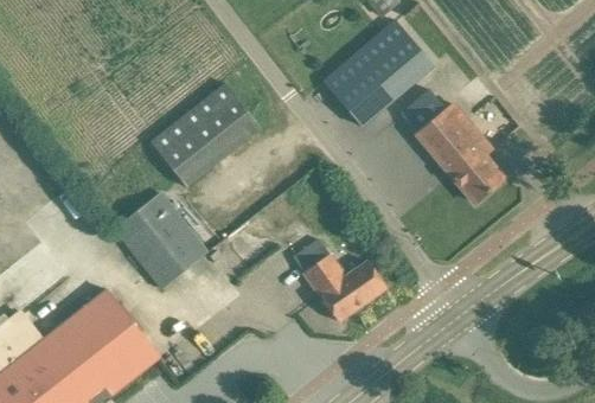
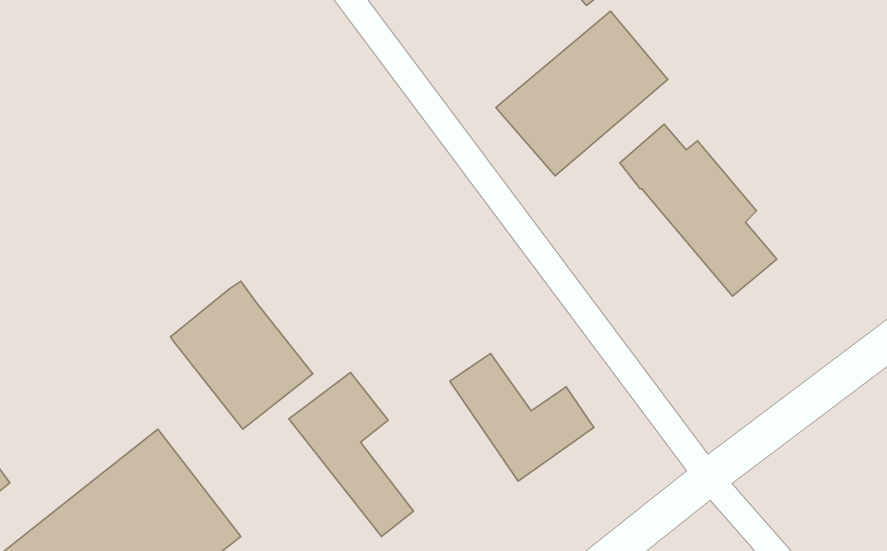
building: [152,83,262,187] -> none
building: none -> [289,372,413,537]

